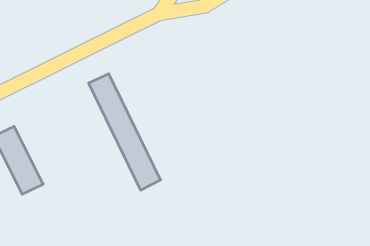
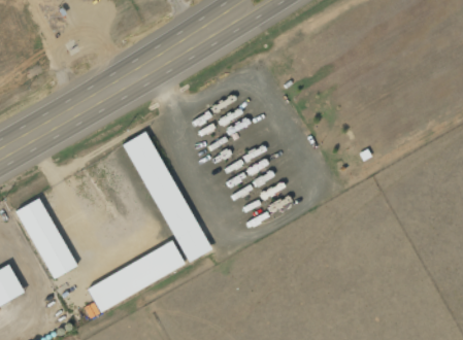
building: none -> [87,239,186,312]

